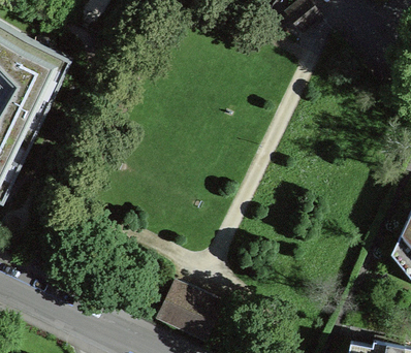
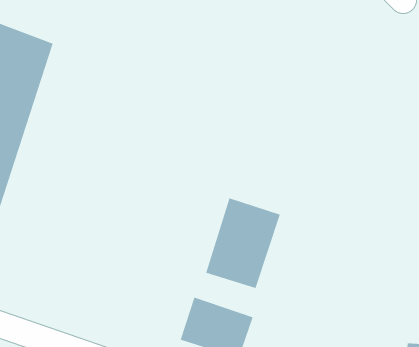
building: none -> [205,197,281,289]

